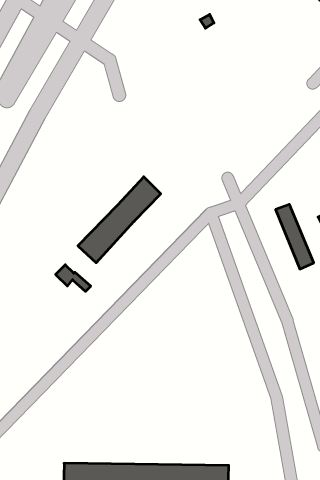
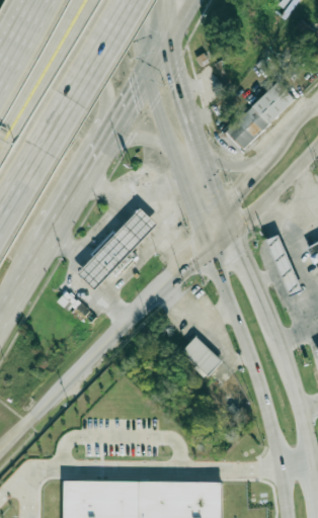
building: none -> [224,80,295,151]
building: none -> [181,336,219,374]

